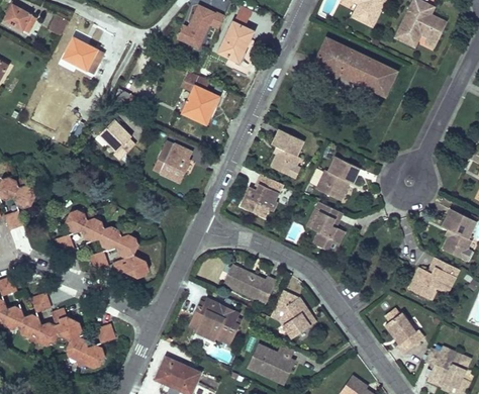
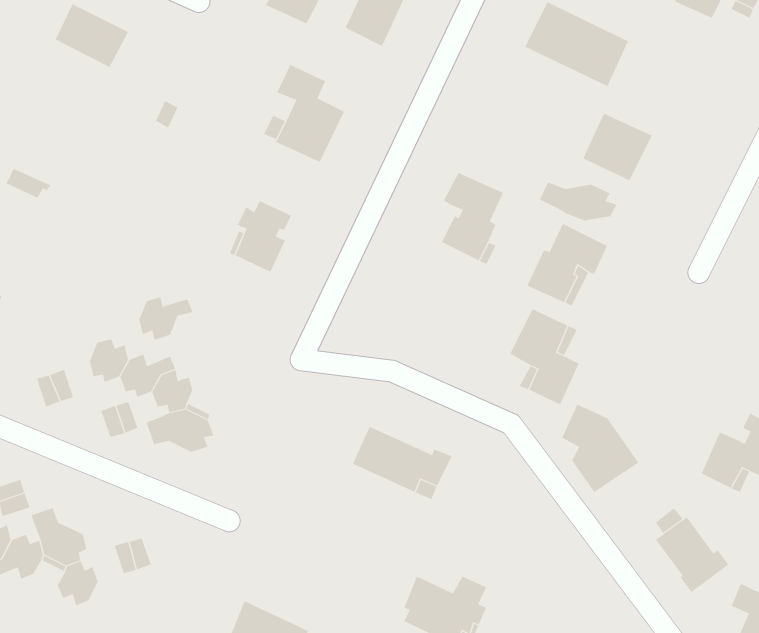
building: [359,59,396,95] -> [583,113,653,181]
building: [99,119,134,160] -> none
building: none -> [539,181,617,221]
building: [240,174,282,217] -> none
building: [65,209,94,232] -> [139,297,193,341]
building: [274,290,315,337] -> [562,404,639,493]
building: [188,298,238,344] -> none
building: [75,343,104,368] -> none

